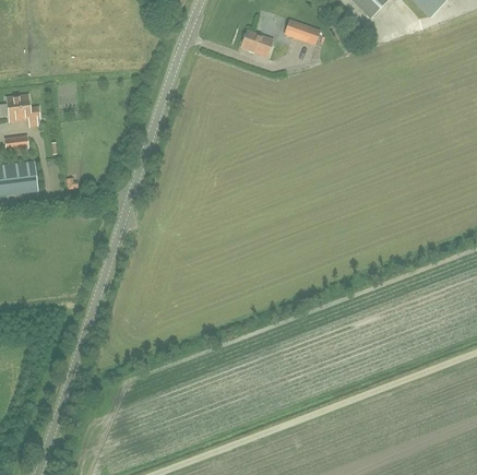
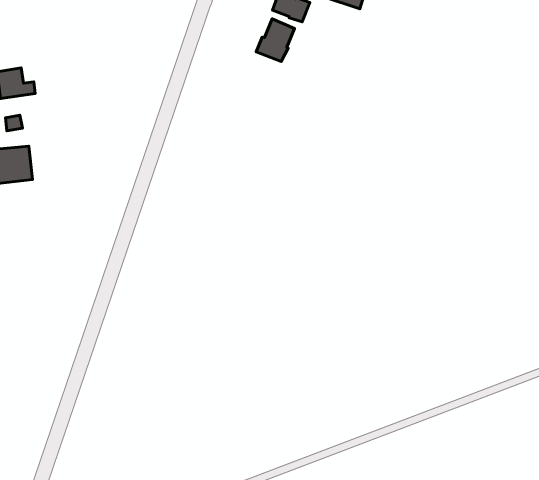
building: none -> [256,19,295,62]

